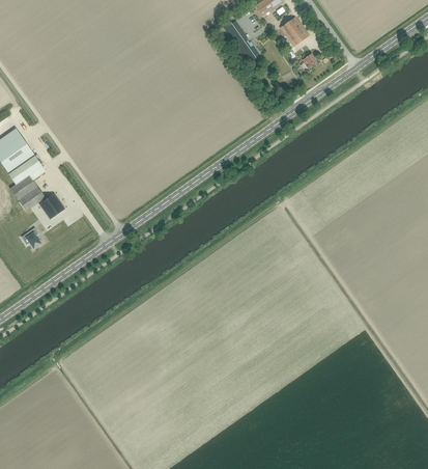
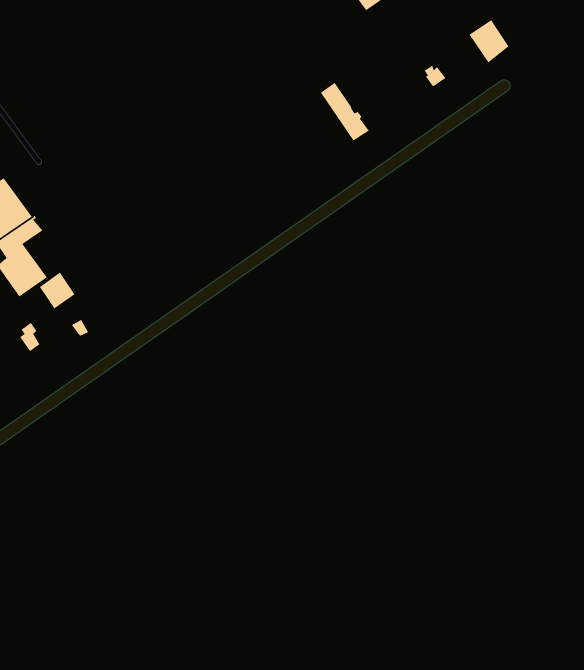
building: [280,17,308,47] -> [469,19,510,63]
building: [225,21,259,61] -> [320,82,370,141]

